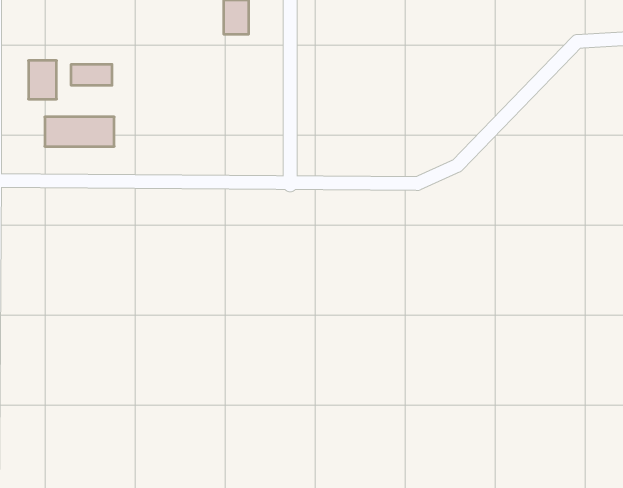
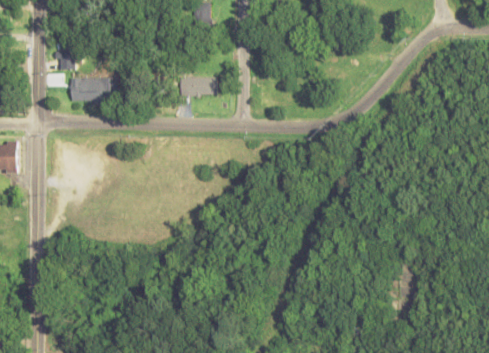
building: [71,64,112,85] -> none
building: none -> [189,77,213,95]

